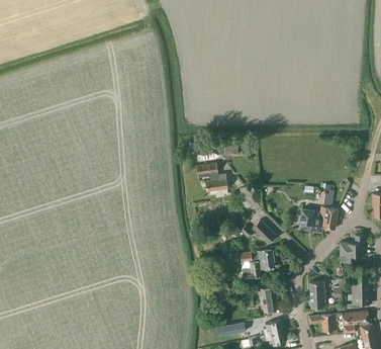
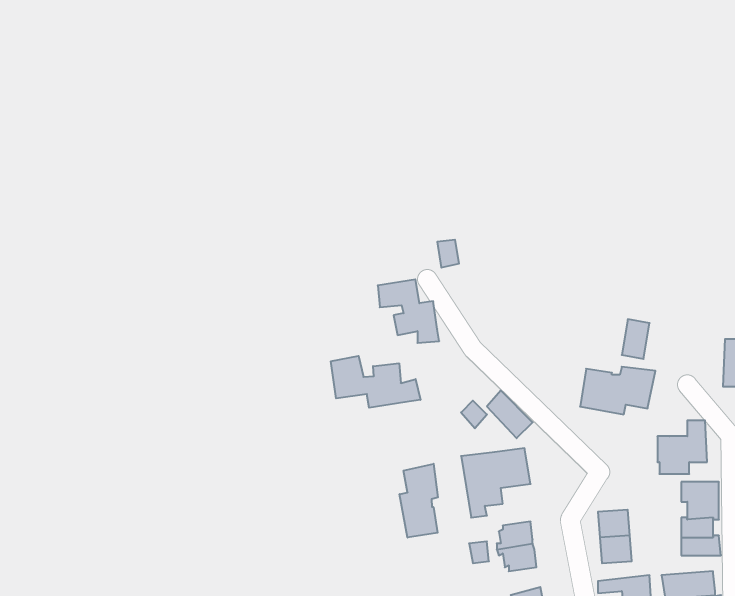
building: none -> [331,356,420,408]
building: none -> [400,464,438,538]

